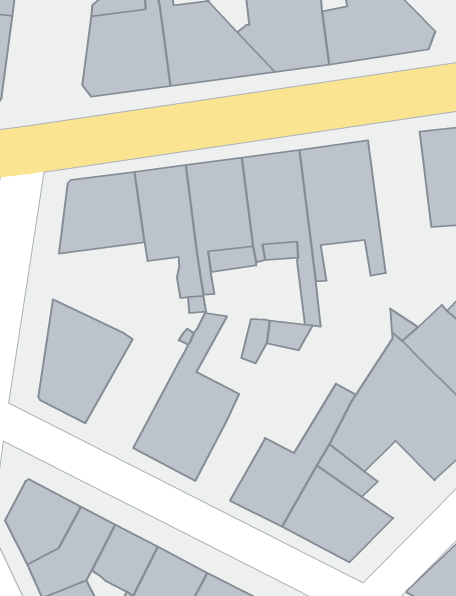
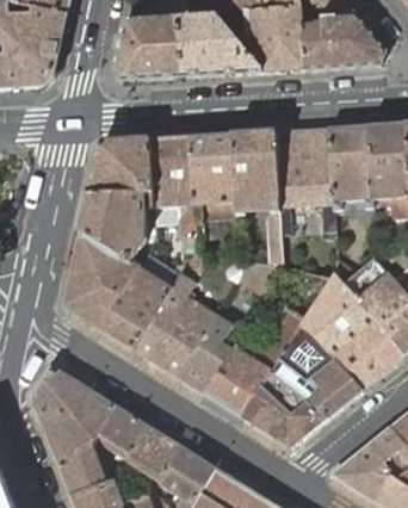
building: none -> [328,125,371,210]
building: none -> [80,193,154,261]
building: none -> [98,262,172,348]
building: none -> [178,310,247,394]
building: none -> [303,358,359,416]

